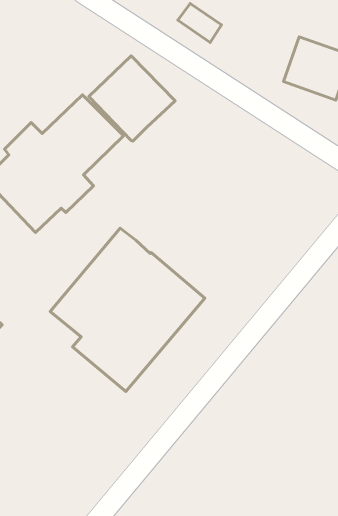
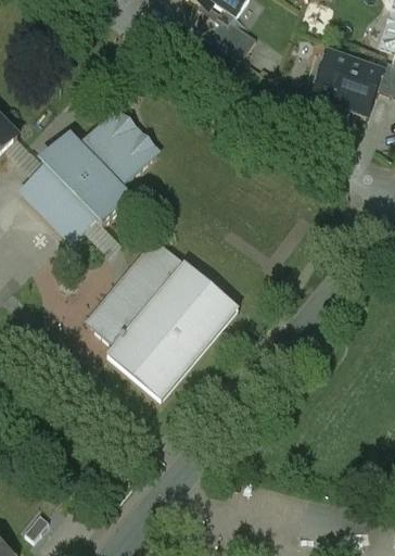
building: [89,56,175,141] -> none

